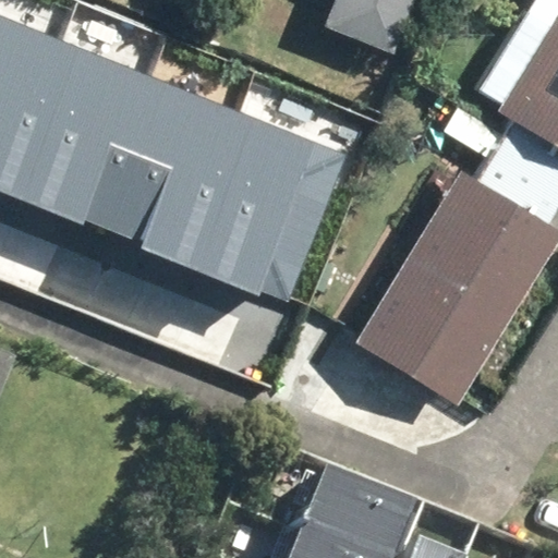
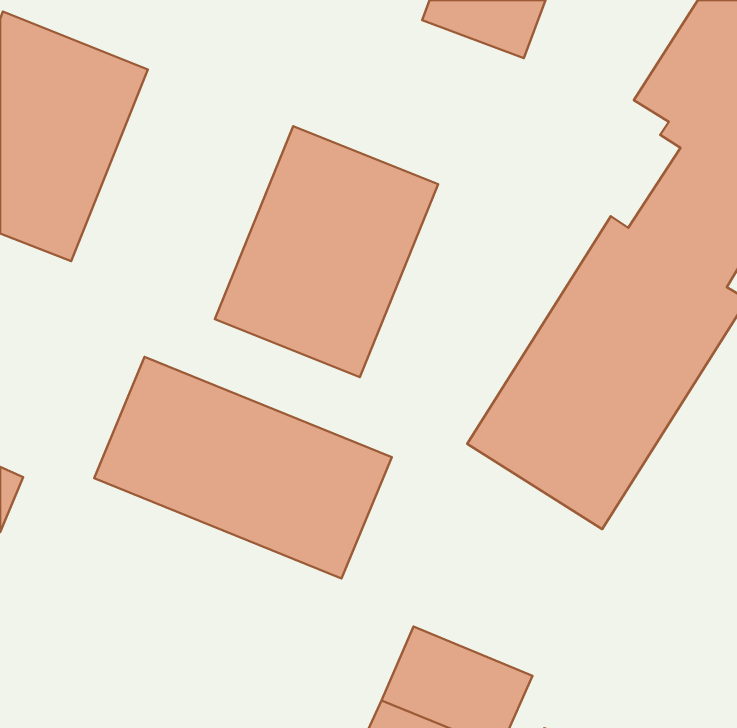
building: [57,62,223,250] -> none
building: none -> [94,357,392,578]

